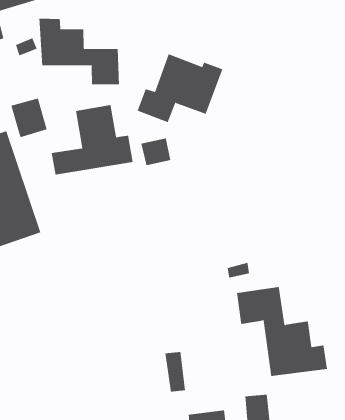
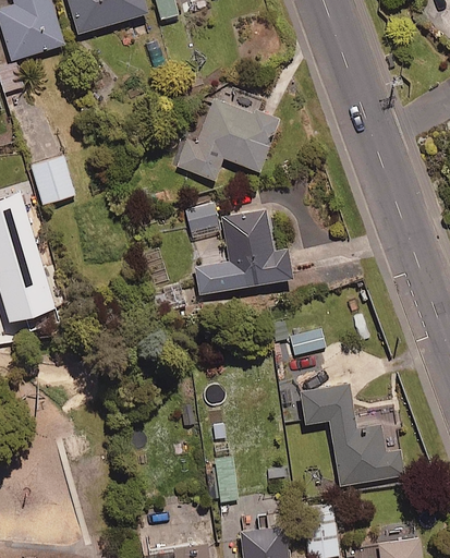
building: [39,18,120,85] -> none
building: [51,104,134,175] -> [194,209,291,292]

